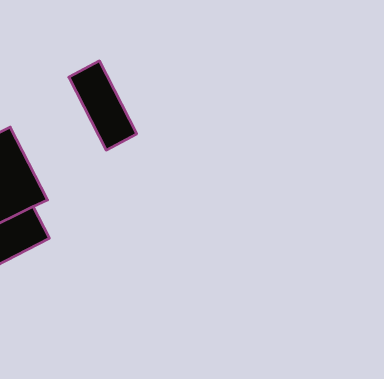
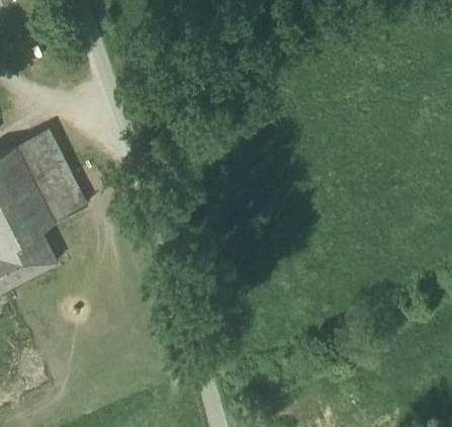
building: [69,61,137,150] -> [14,129,86,223]

